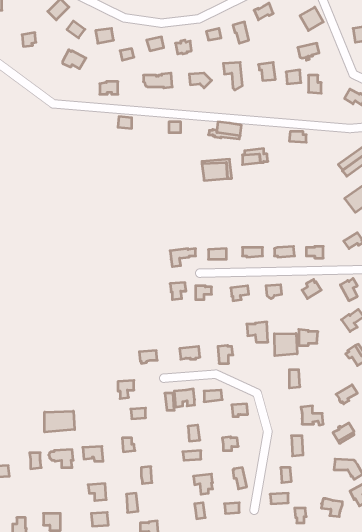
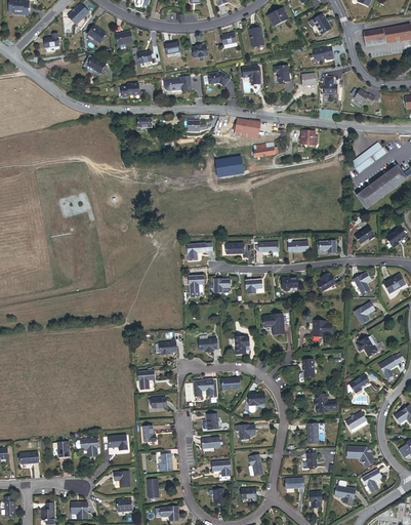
building: [274,333,297,356] -> none
building: [45,411,75,432] -> none

